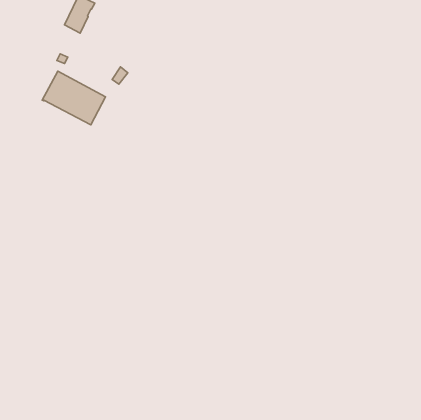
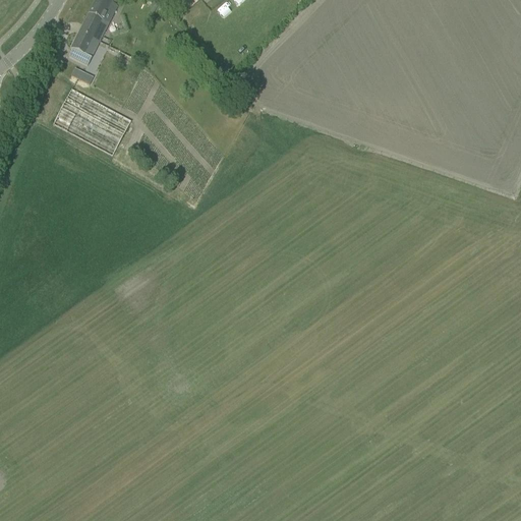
building: none -> [71,31,100,64]

